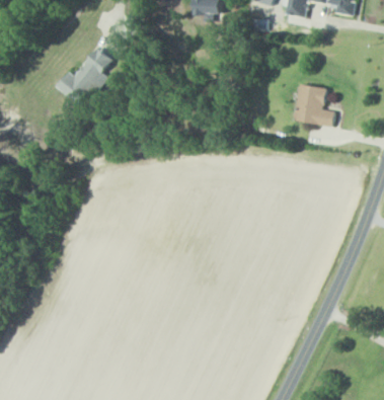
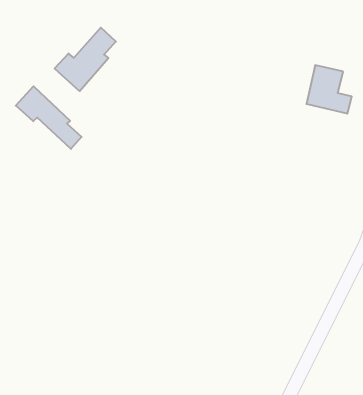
building: none -> [16,86,82,149]

